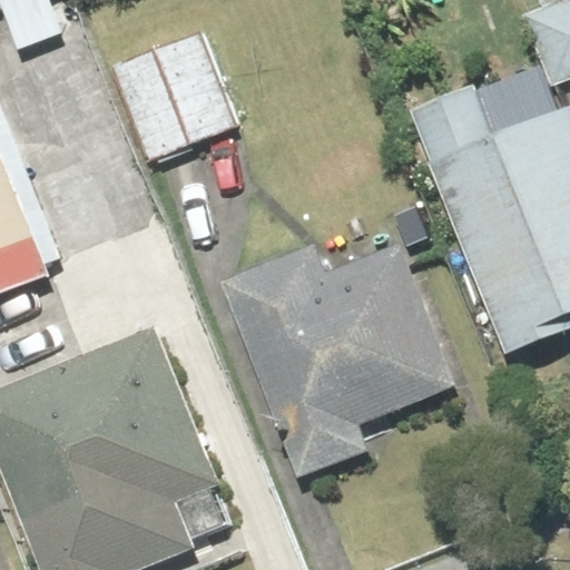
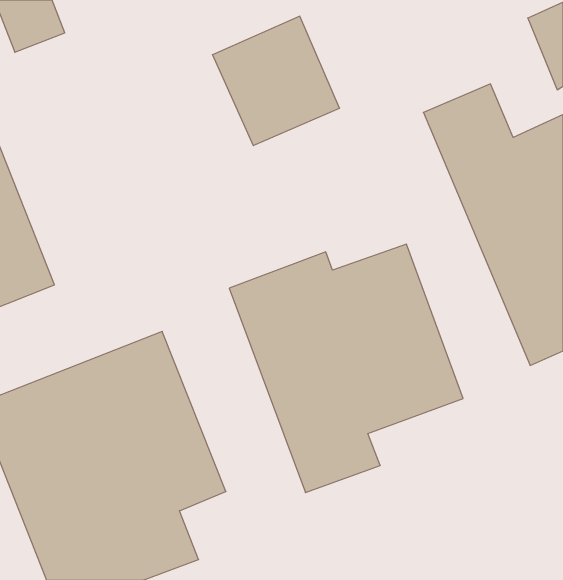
building: [106,33,230,160] -> [212,16,340,146]

